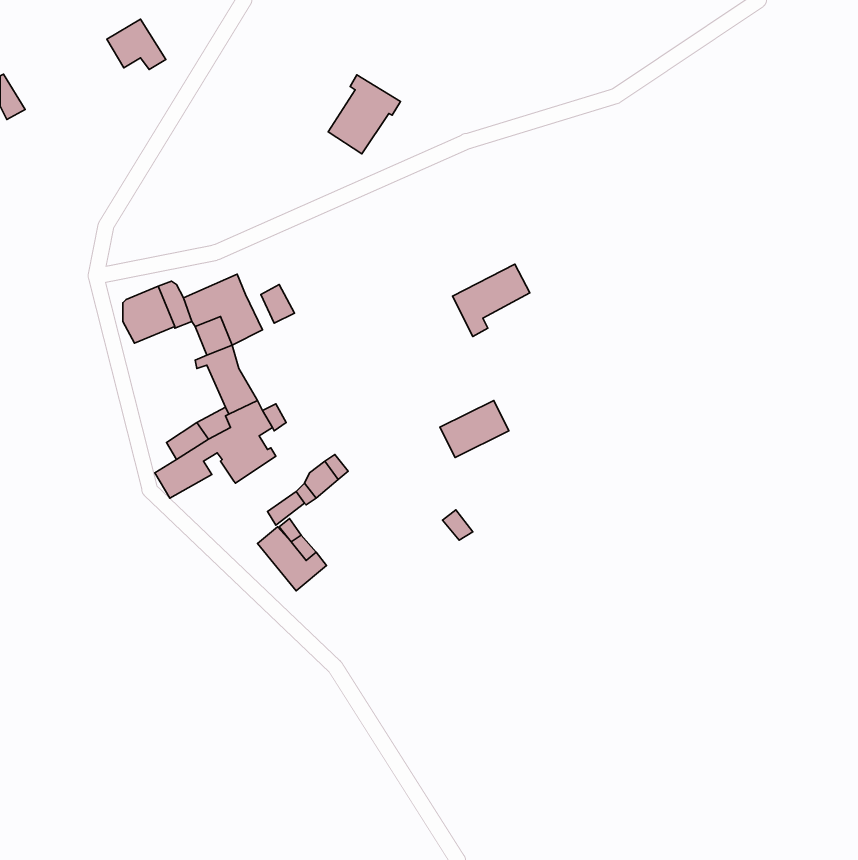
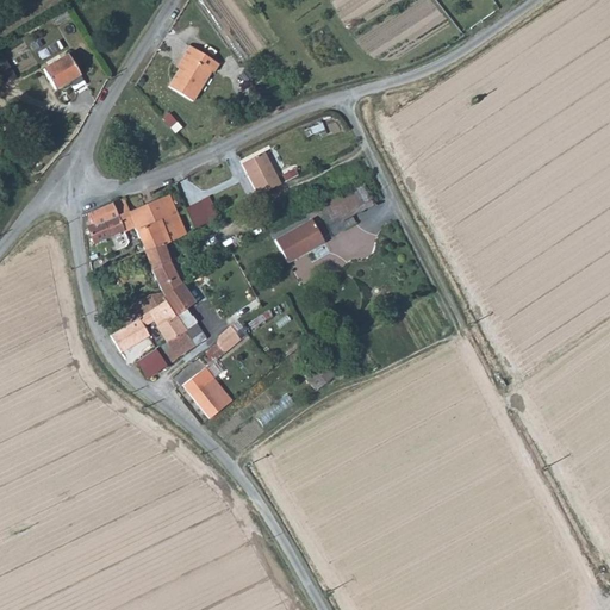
building: [107,19,166,70] -> [45,55,87,91]
building: [328,75,401,154] -> [168,44,219,100]
building: none -> [241,152,280,197]
building: [440,400,509,458] -> [274,218,323,259]
building: none -> [137,323,203,378]

